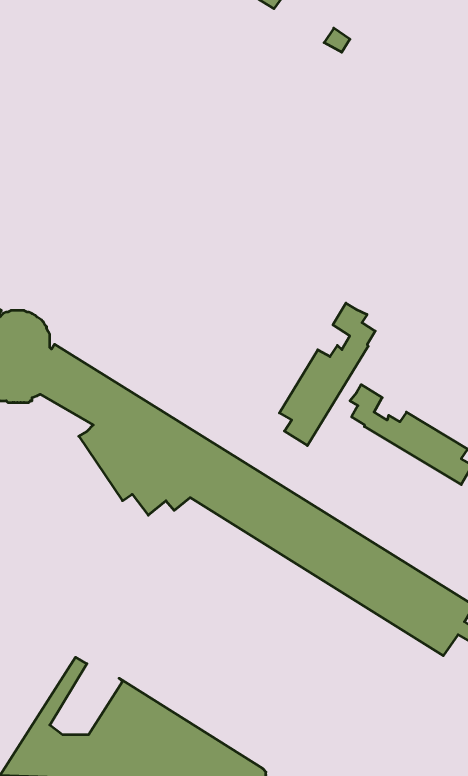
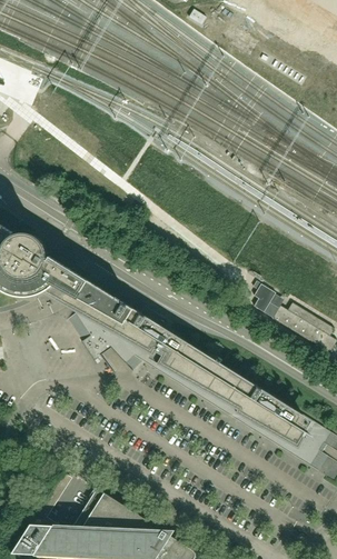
building: [279,303,375,446] -> none

